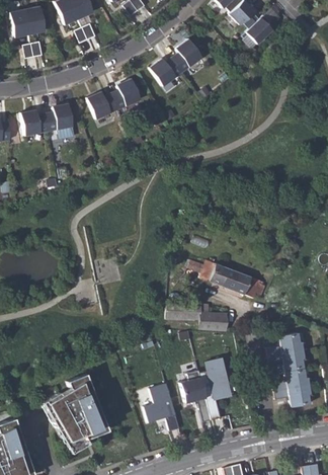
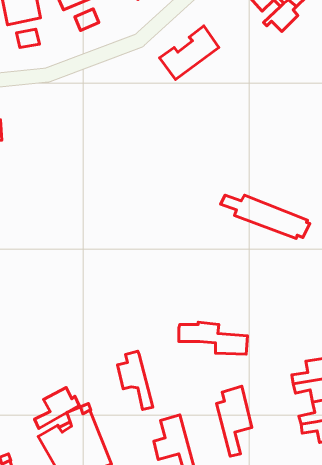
building: [87,78,141,120] -> none
building: [21,103,73,136] -> none
building: [188,258,267,297] -> [221,195,310,239]
building: none -> [35,388,79,429]
building: [181,370,213,421] -> [117,351,153,410]

